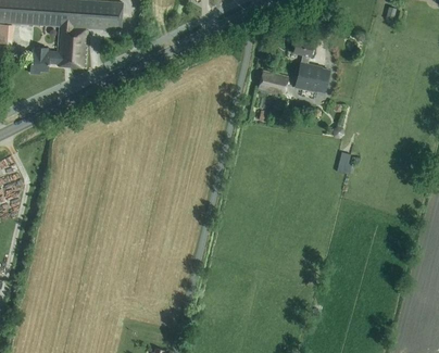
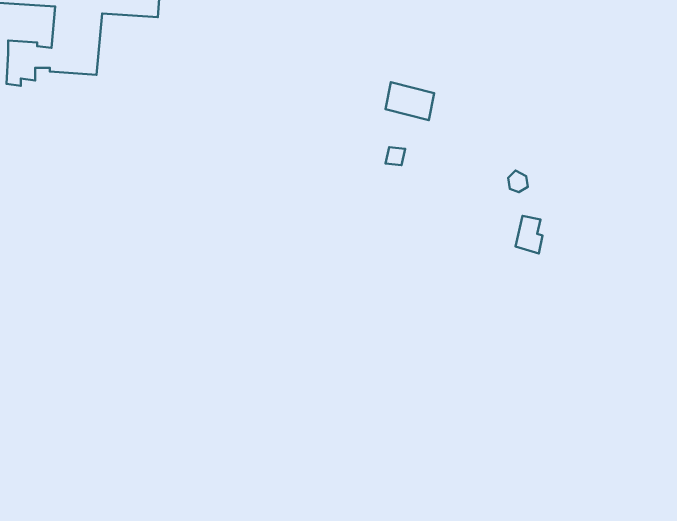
building: [293,38,329,92] -> none

